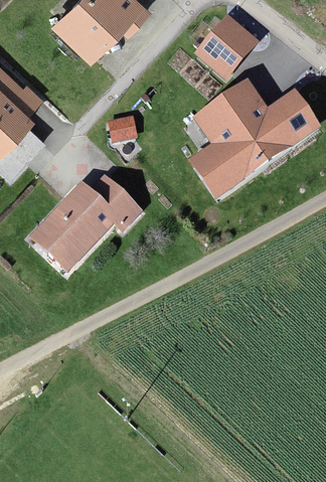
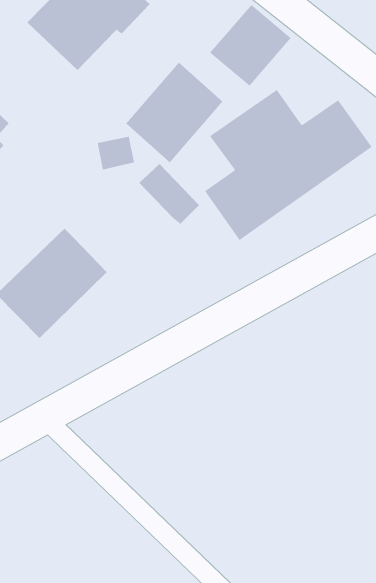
building: none -> [125,62,223,163]
building: [90,178,137,225] -> [139,163,200,225]

